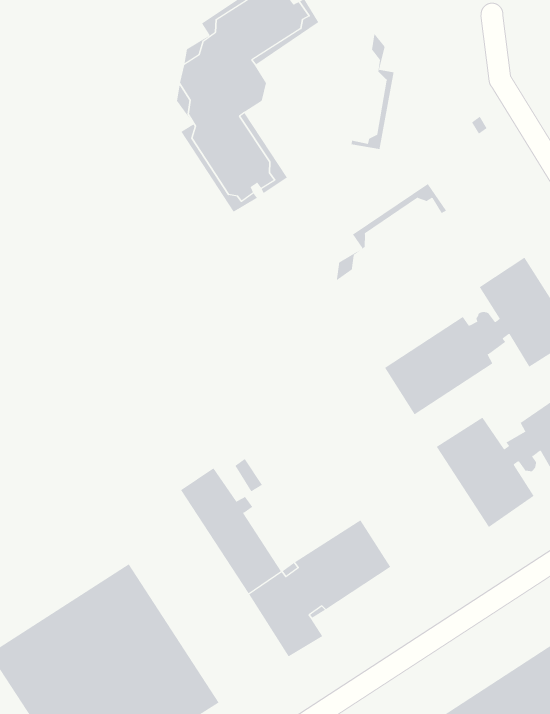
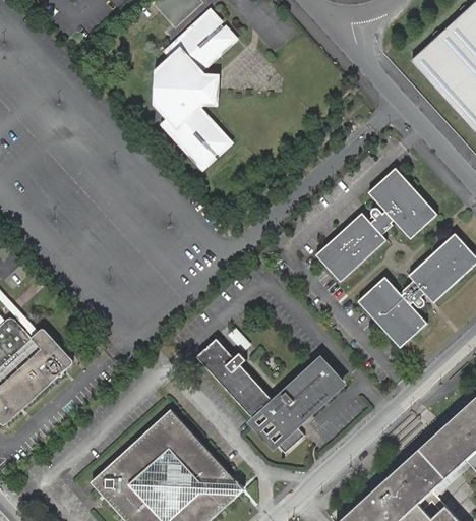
building: [351,33,394,150] -> none
building: none -> [199,73,220,106]
building: [336,183,447,281] -> none

